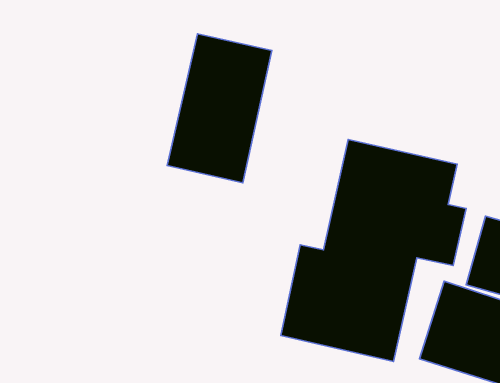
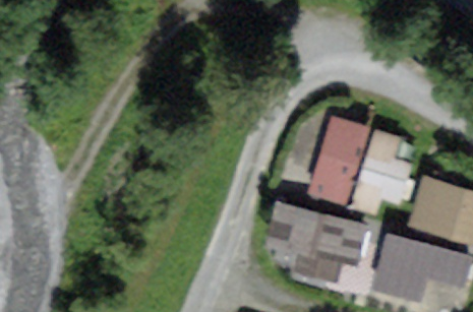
building: [167,34,272,183] -> none

